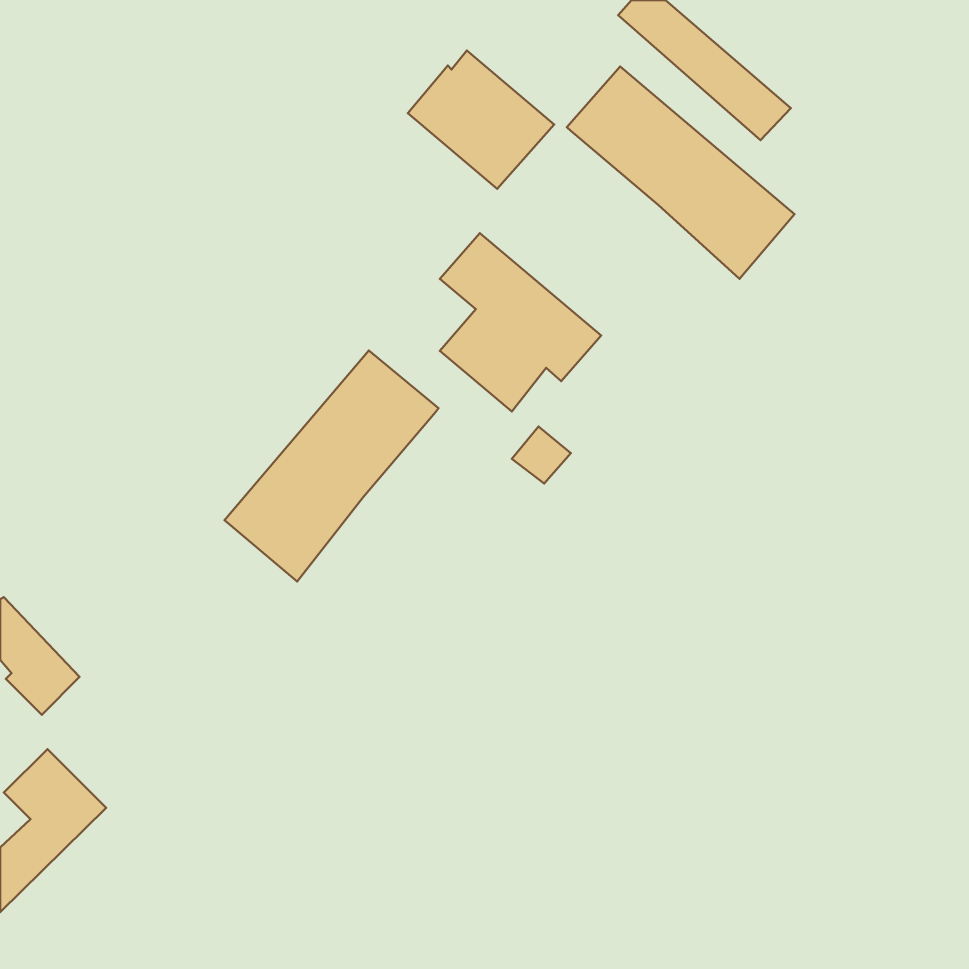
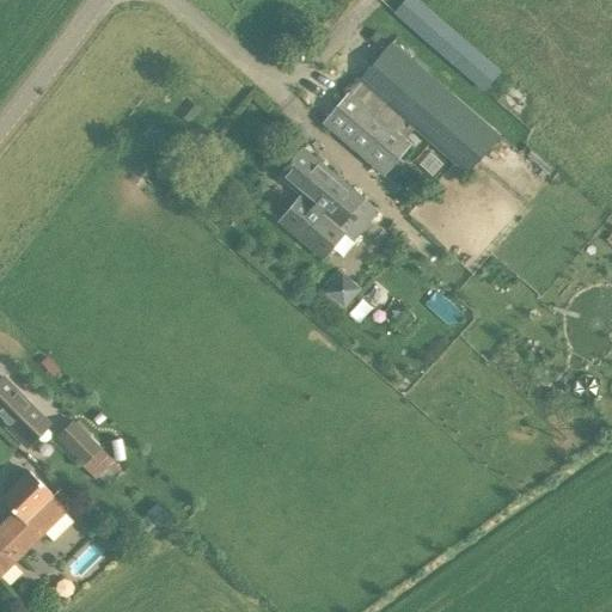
building: [408,50,554,189] -> [323,82,415,170]
building: [224,350,438,581] -> none
building: none -> [55,420,120,478]

